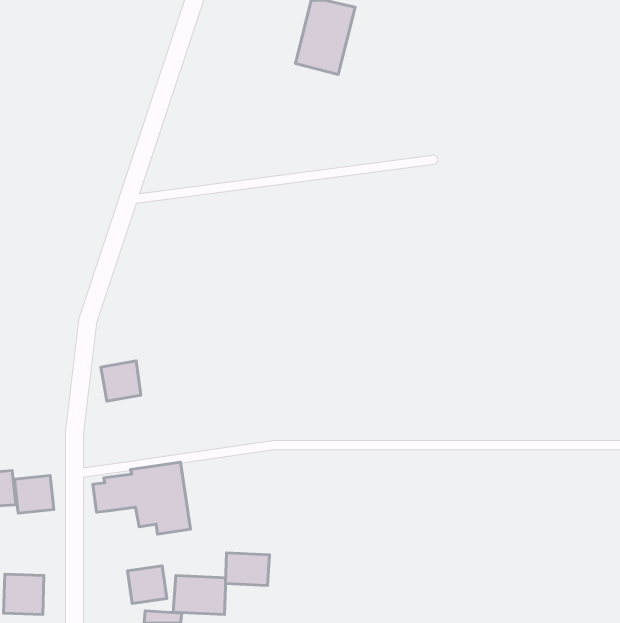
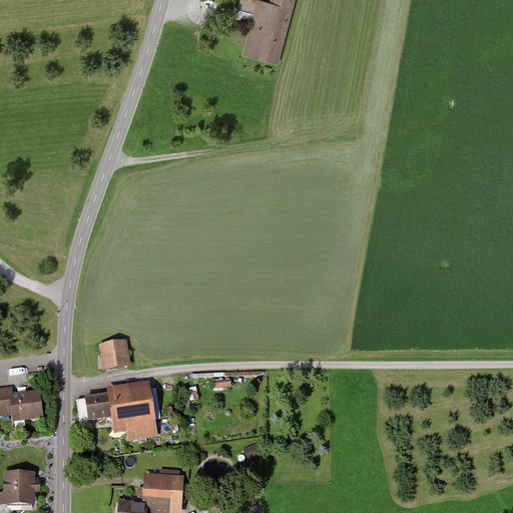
building: [101,361,141,401] -> [97,340,130,373]
building: [226,553,269,585] -> none
building: [127,566,167,603] -> none

